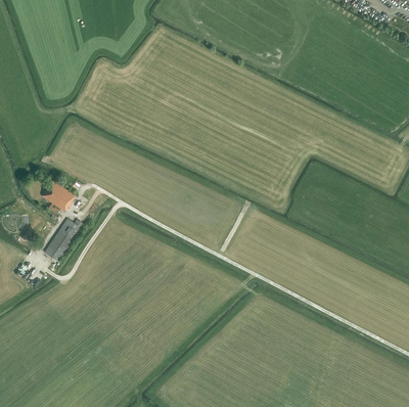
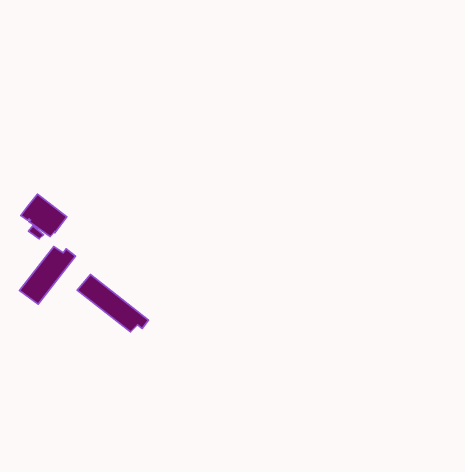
building: none -> [77,275,149,332]

